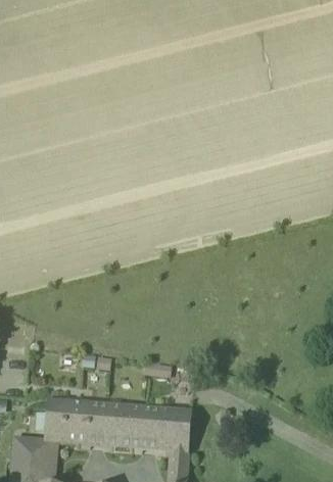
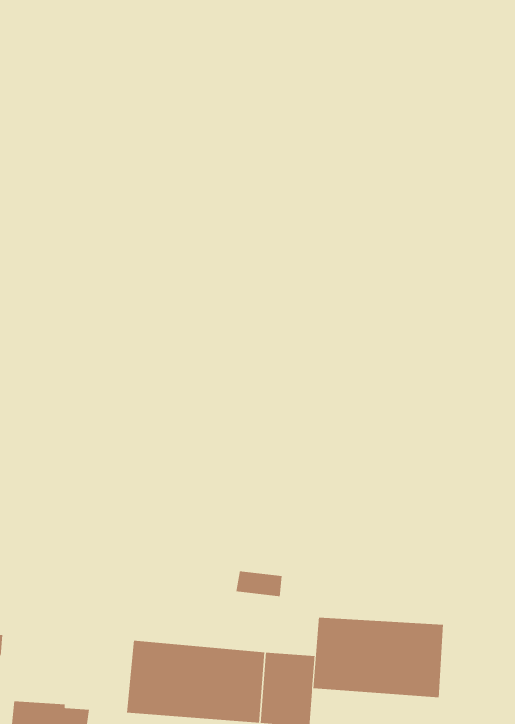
building: none -> [313,617,444,698]
building: [44,398,84,443] -> none

